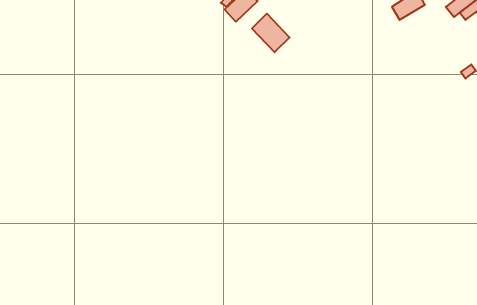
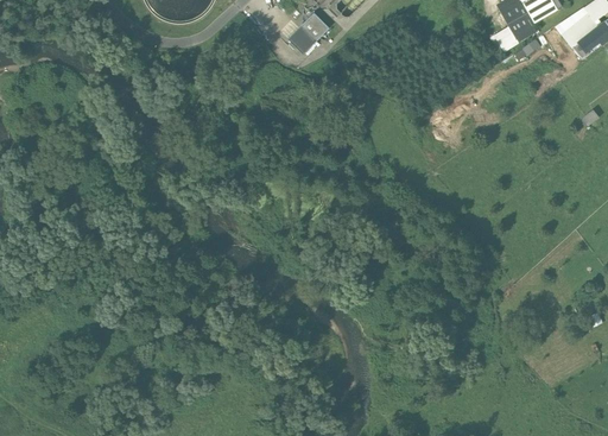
building: [252,14,290,52] -> none

